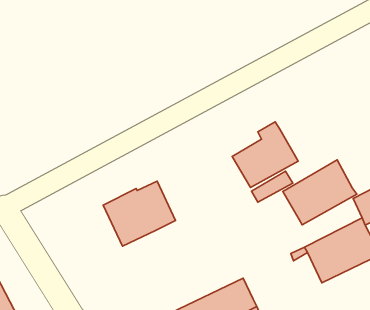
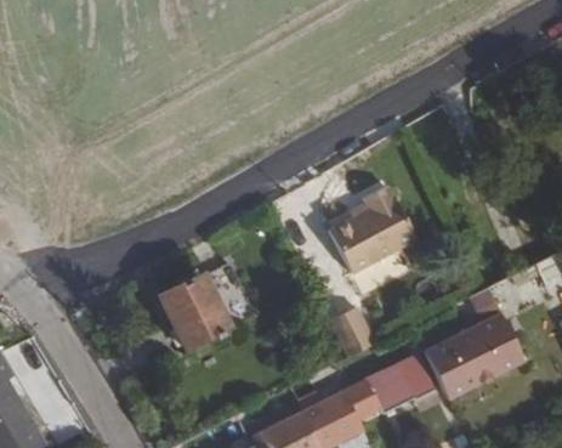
building: [283,160,357,225] -> none
building: none -> [328,305,374,355]
building: none -> [341,363,415,420]

